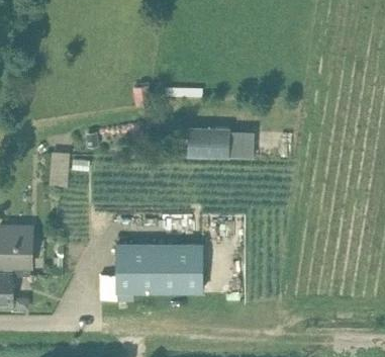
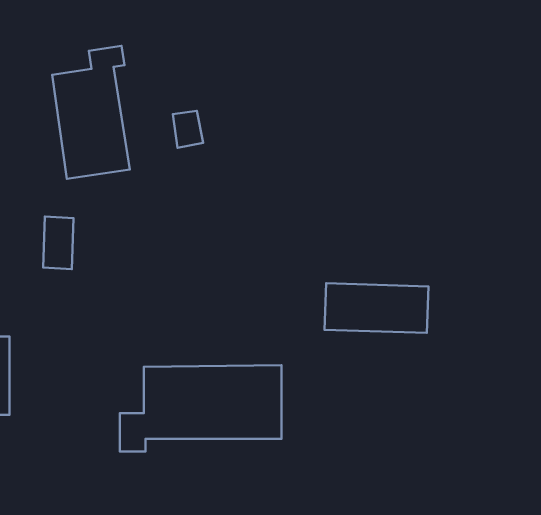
building: none -> [52,46,130,179]
building: [190,127,256,159] -> [325,283,428,333]

